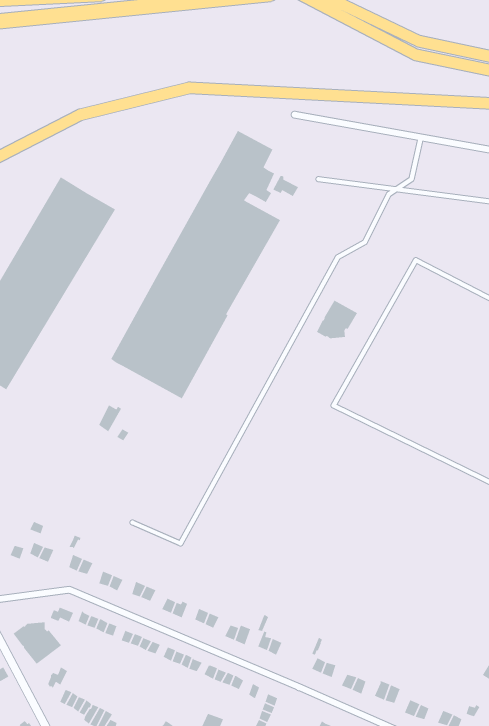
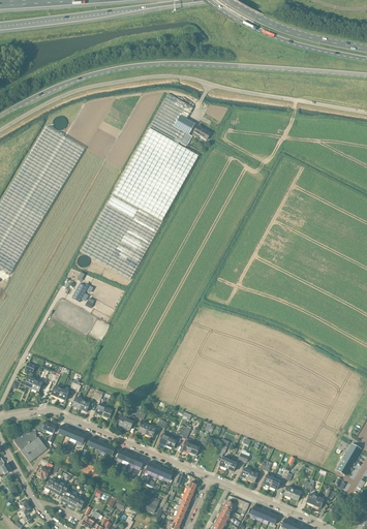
building: [316,299,358,339] -> none

